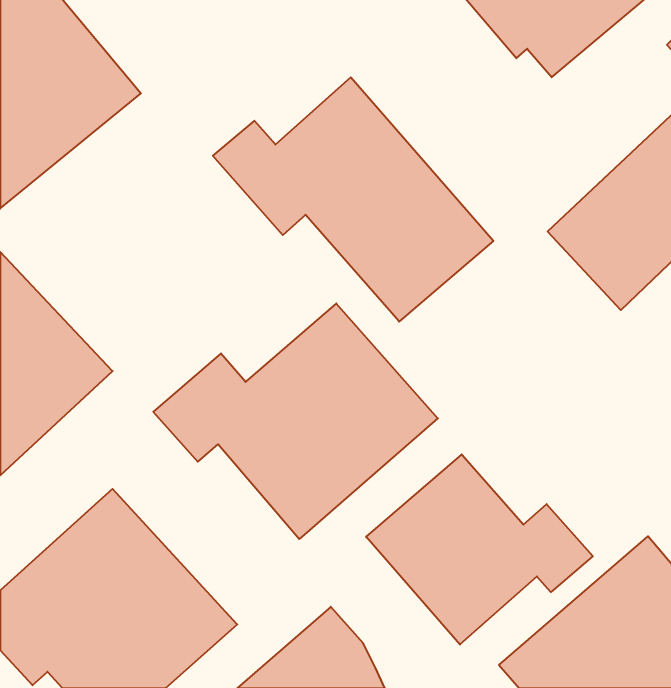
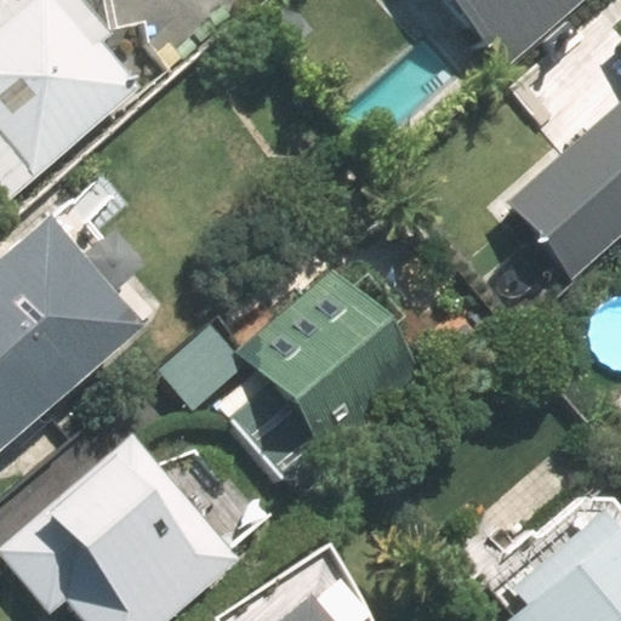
building: [213,77,493,322] -> none
building: [366,454,593,645] -> none

